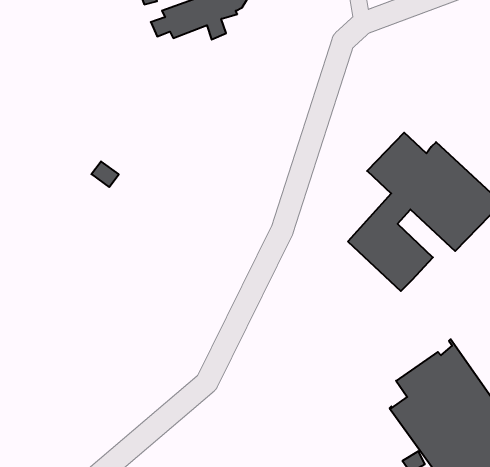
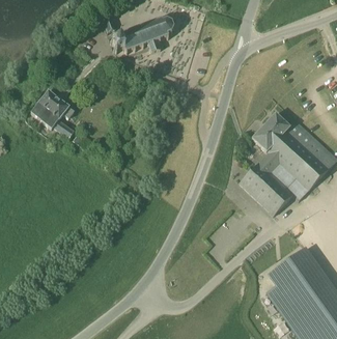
building: none -> [30,91,74,139]

